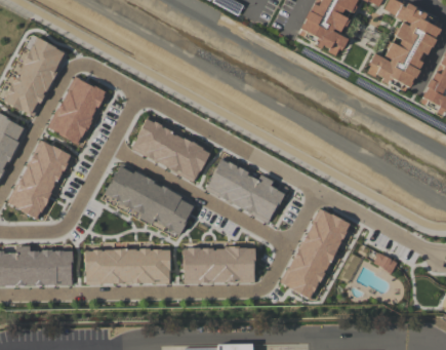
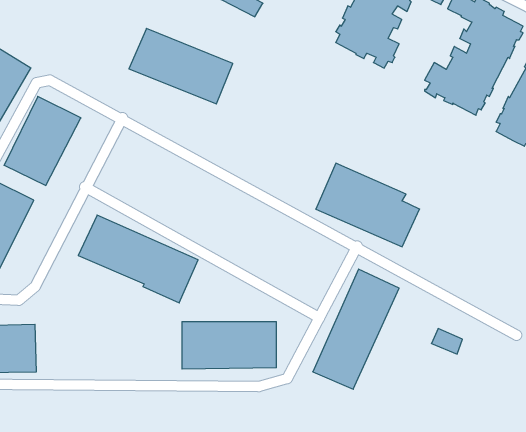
building: [130,121,209,179] -> [129,28,233,104]
building: [204,157,283,221] -> [316,163,420,247]
building: [84,248,169,283] -> none

